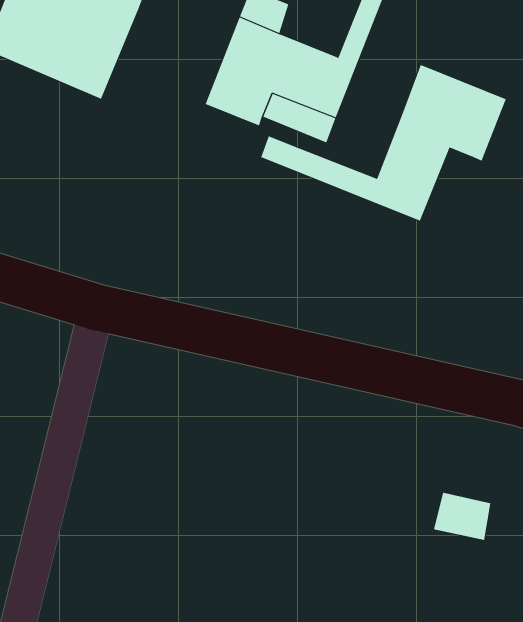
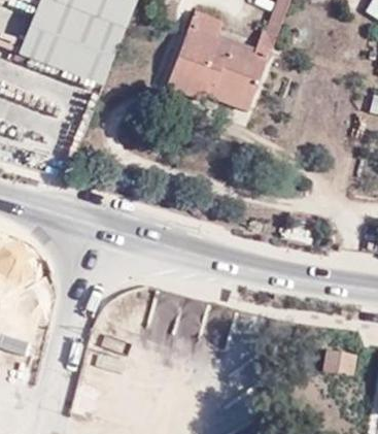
building: [260,64,507,221] -> none

